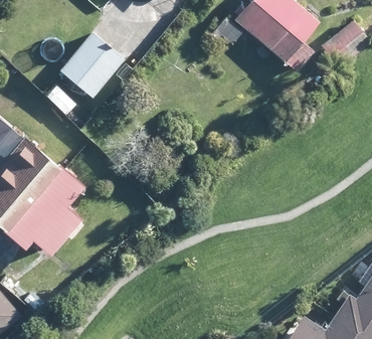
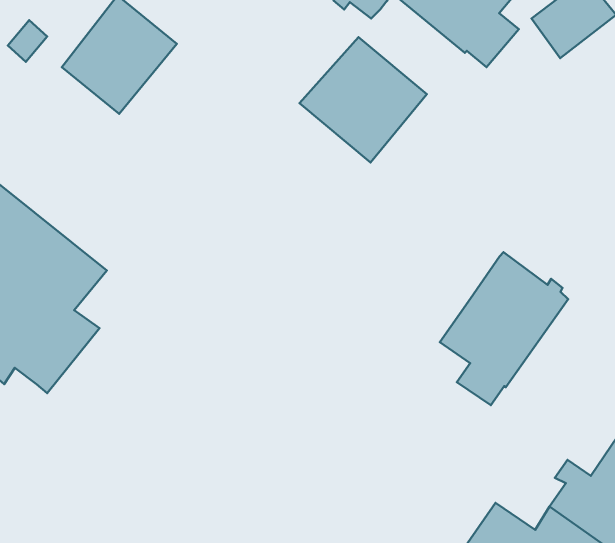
building: none -> [300,37,427,162]
building: none -> [440,252,568,405]

